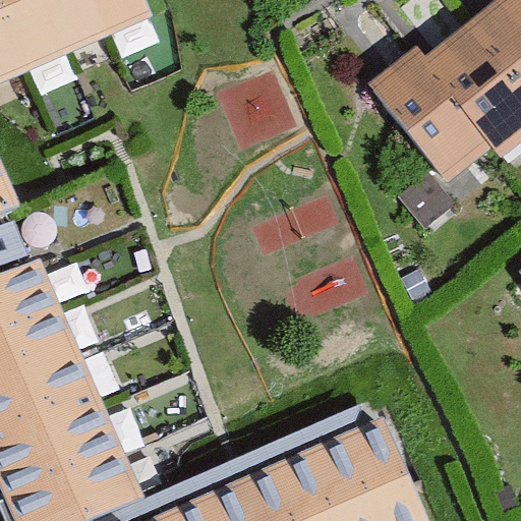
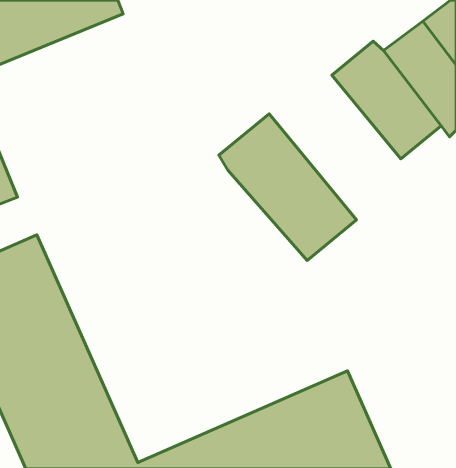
building: none -> [219,114,356,260]

